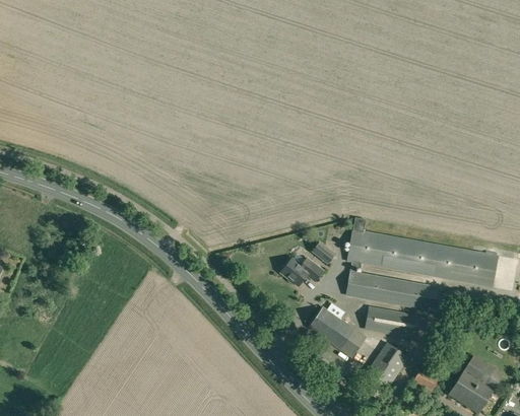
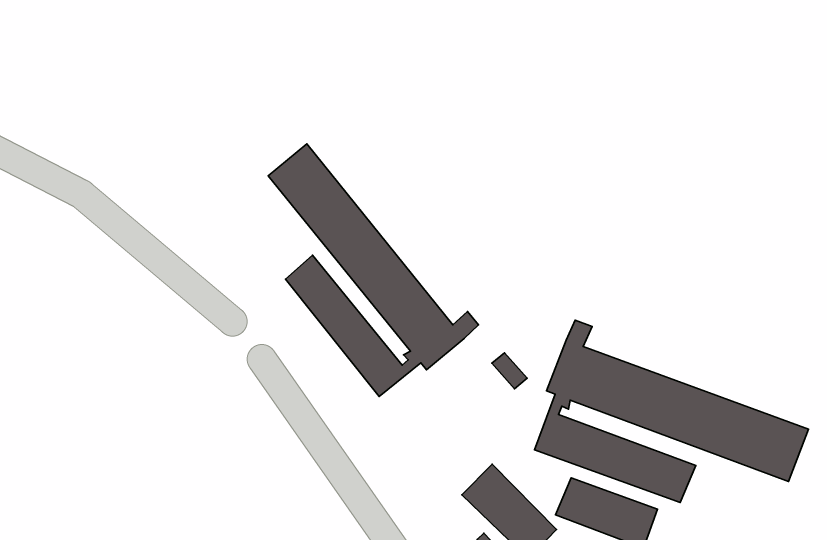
building: none -> [268,144,479,397]
building: [280,258,323,285] -> none

